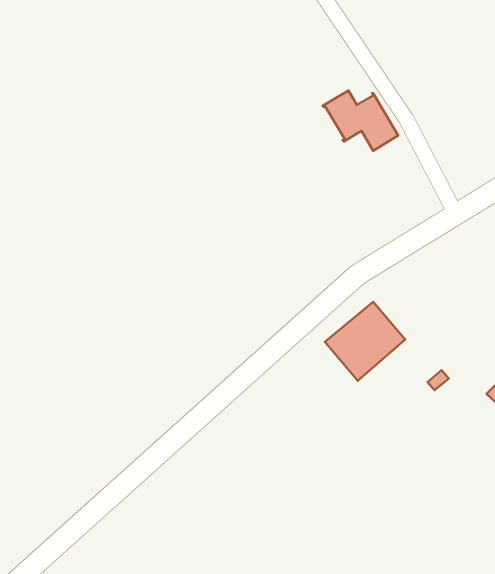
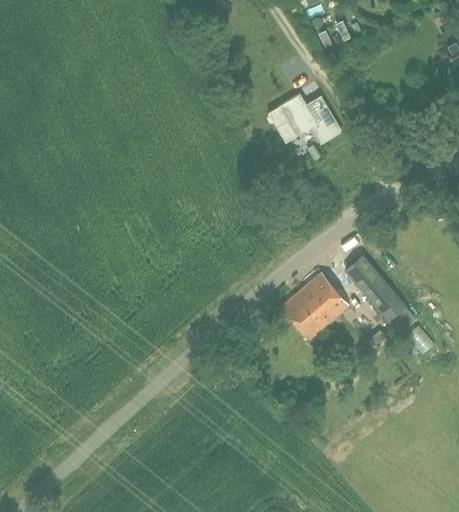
building: none -> [344,256,405,322]

